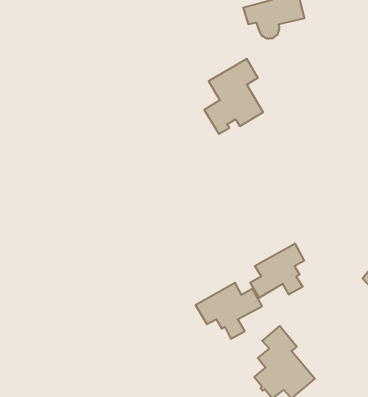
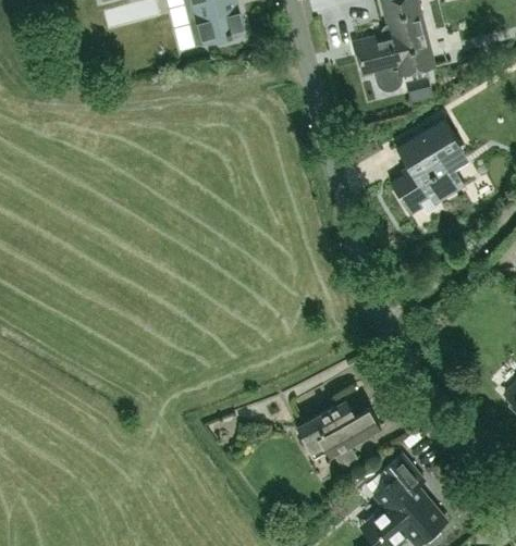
building: [204,59,263,134] -> [392,120,466,214]
building: [250,243,304,298] -> none

